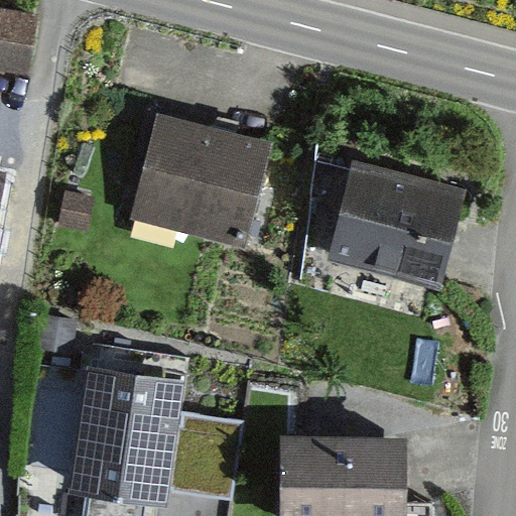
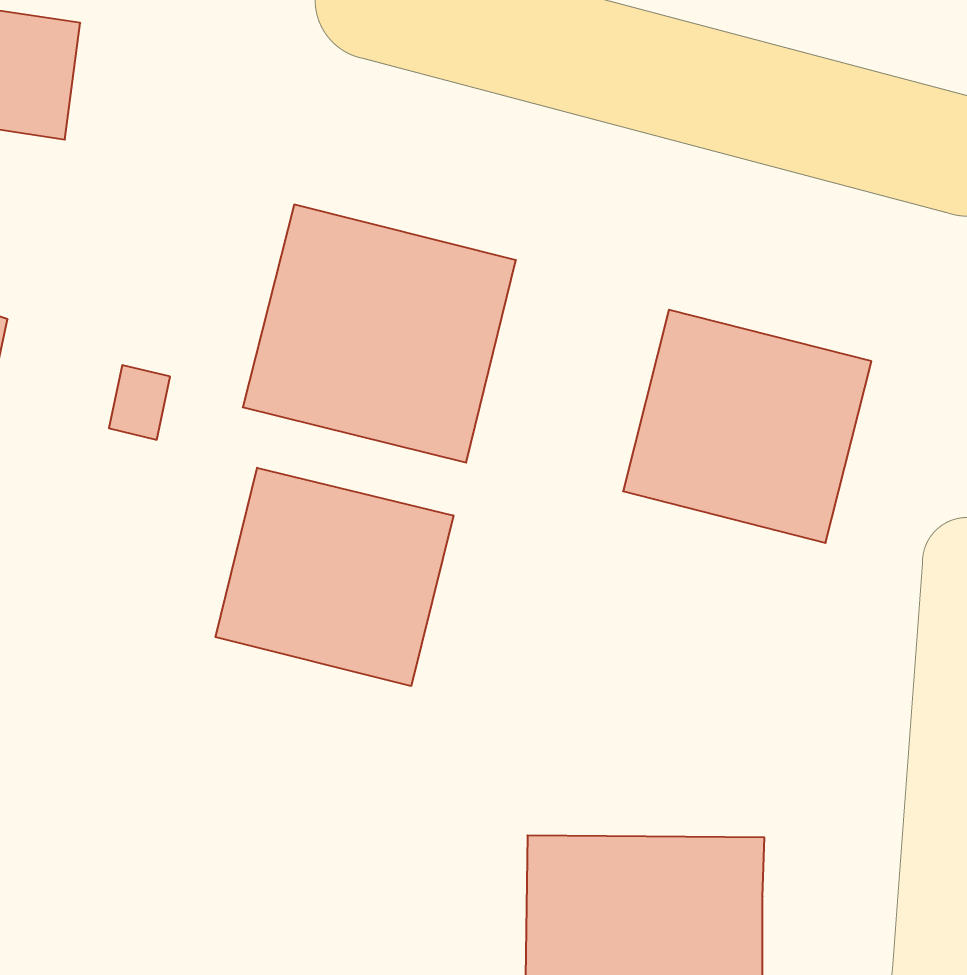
building: none -> [216,468,453,686]
building: [71,364,239,507] -> none

